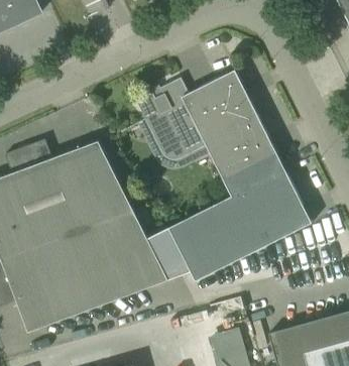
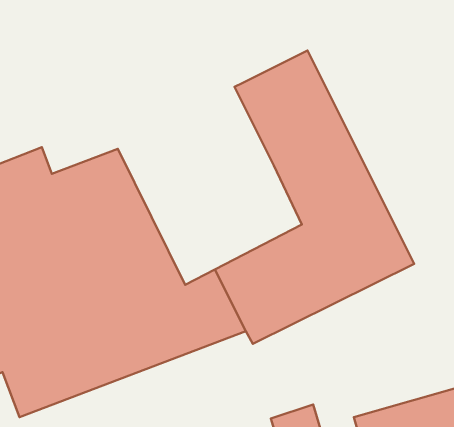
building: [136,78,211,168] -> none

